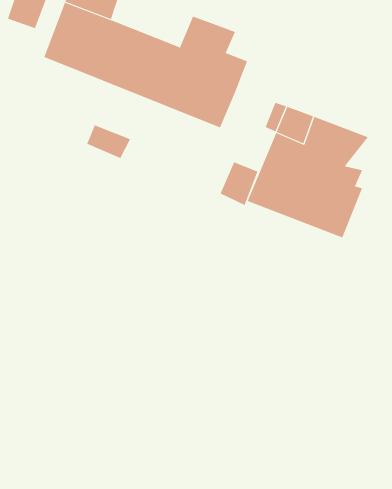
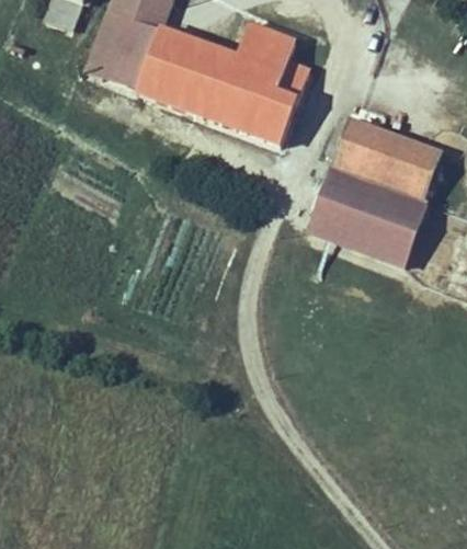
building: [87,124,131,159] -> none
building: [220,162,258,206] -> none

